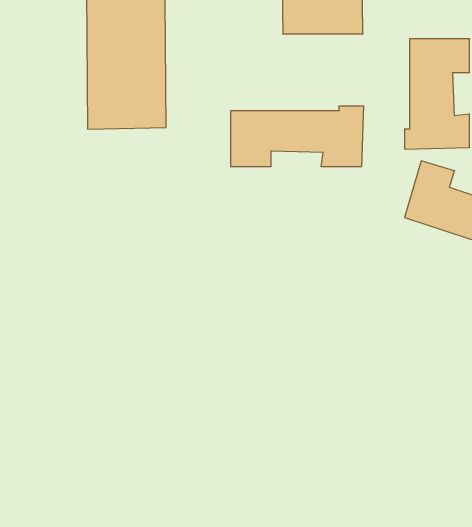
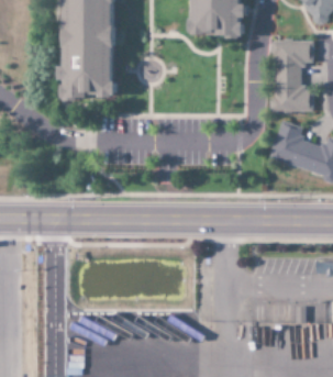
building: [231,106,363,167] -> none

